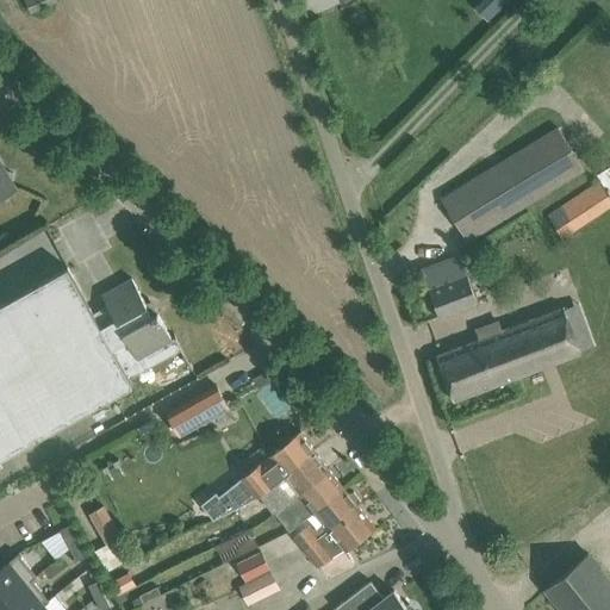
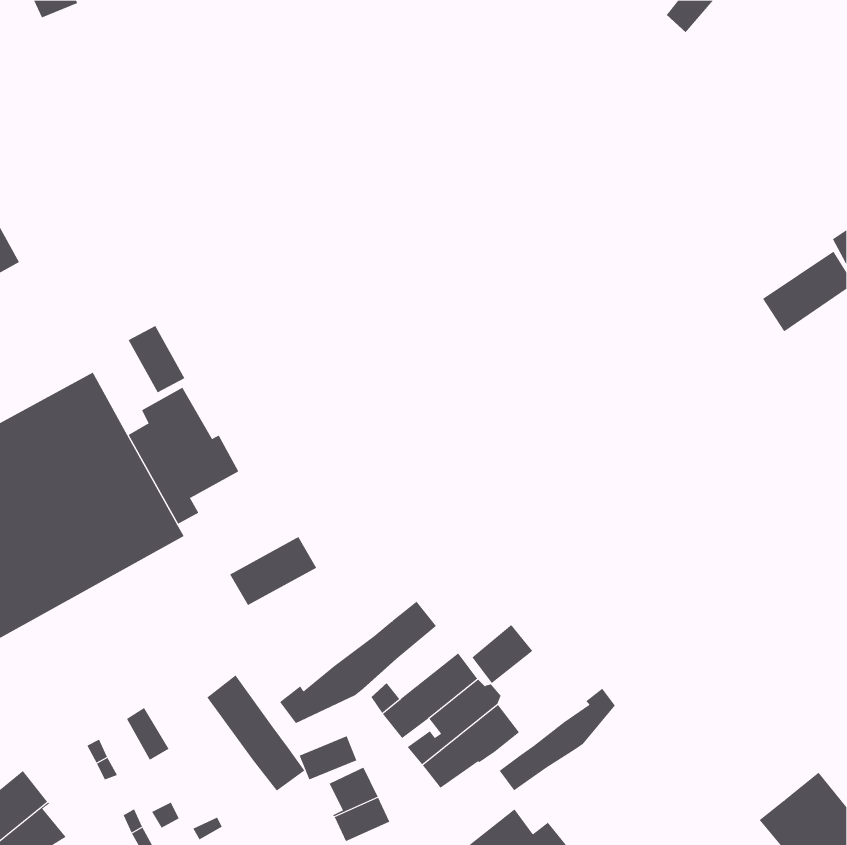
building: [442,131,581,241] -> none
building: none -> [128,325,185,393]
building: [421,259,478,319] -> none
building: [436,309,580,403] -> none
building: [285,452,329,494] -> [472,624,533,684]
building: none -> [207,675,305,792]
building: none -> [499,688,616,791]

